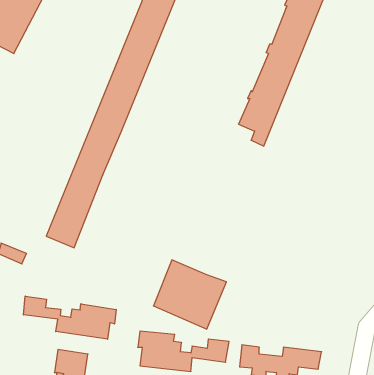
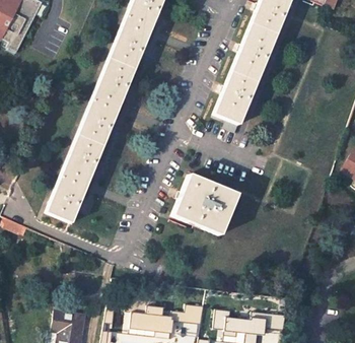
building: [153,260,226,329] -> [173,176,237,236]
building: [24,296,116,339] -> none

